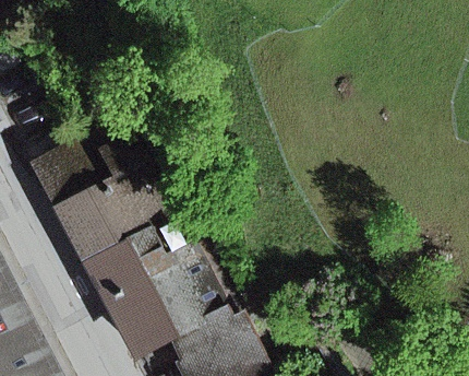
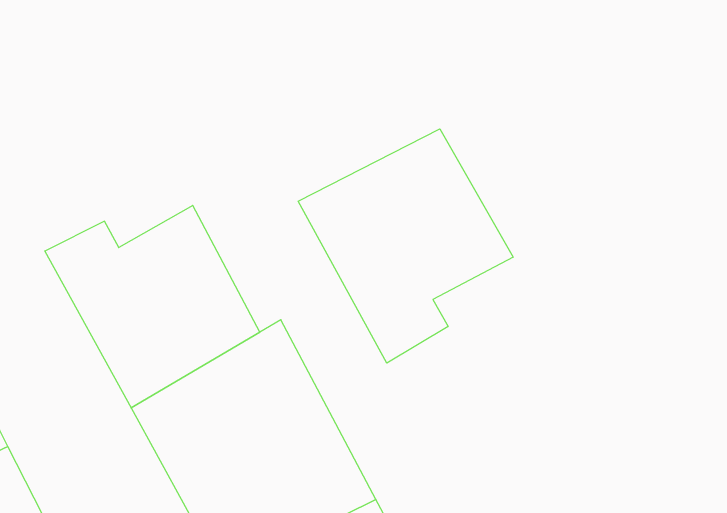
building: none -> [298,129,513,363]

